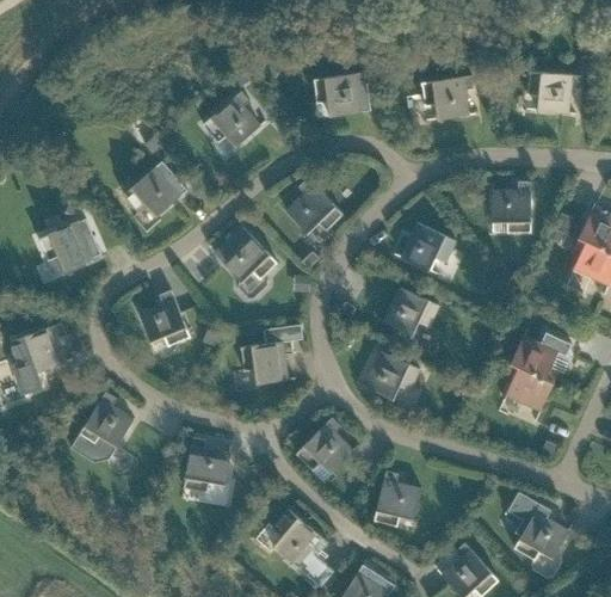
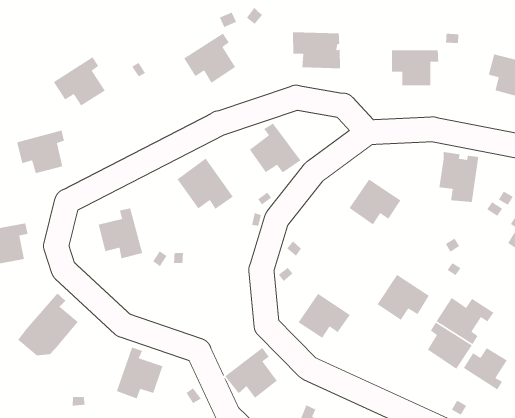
building: [124,162,181,217] -> [53,56,106,106]
building: [384,288,439,337] -> [377,274,430,321]
building: [241,325,303,384] -> none
building: none -> [463,347,508,390]

